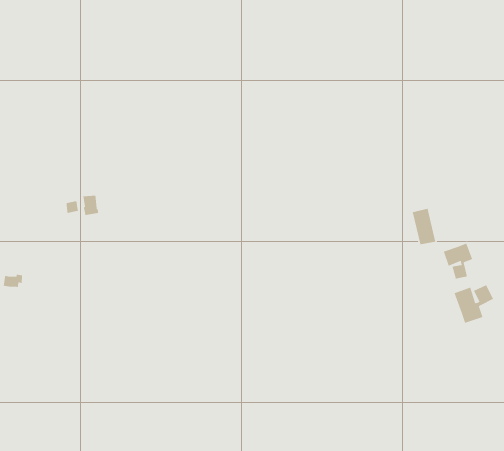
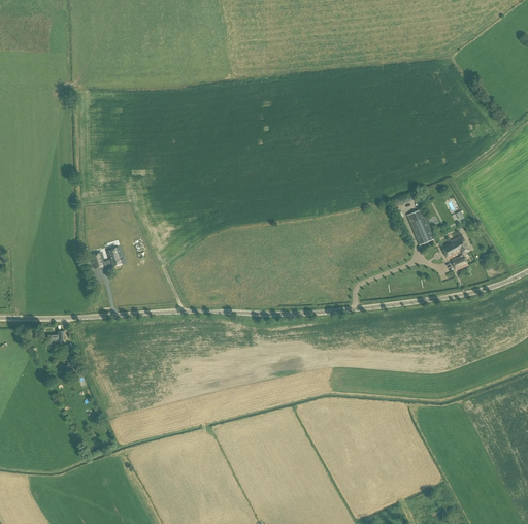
building: [454,284,494,324] -> none

